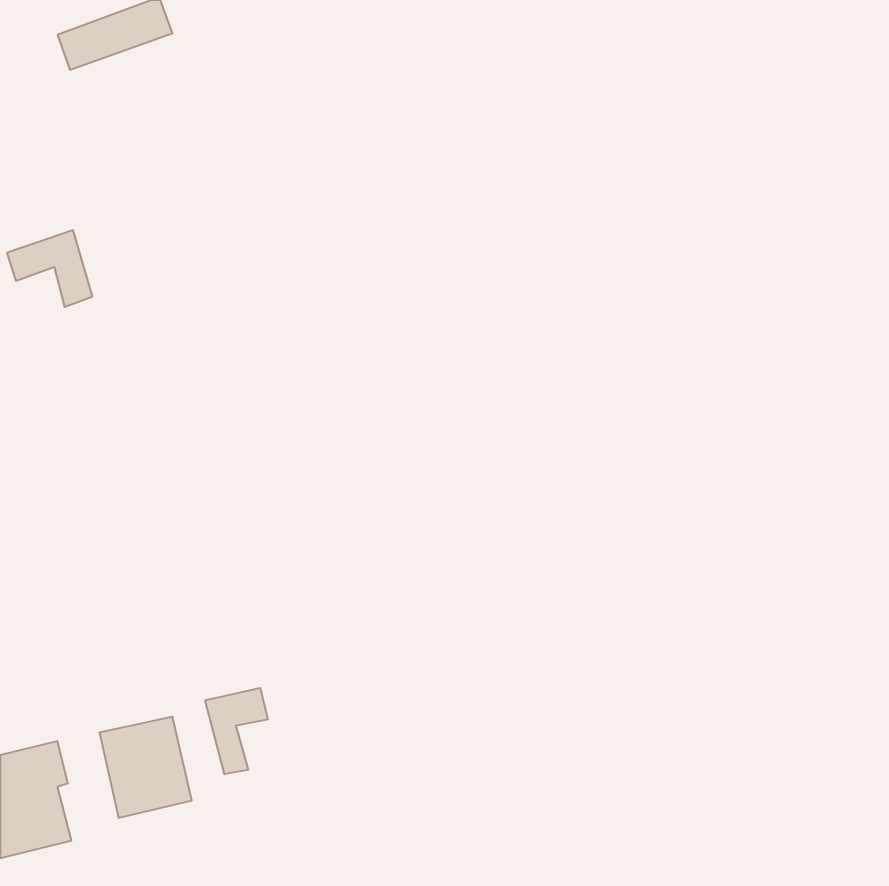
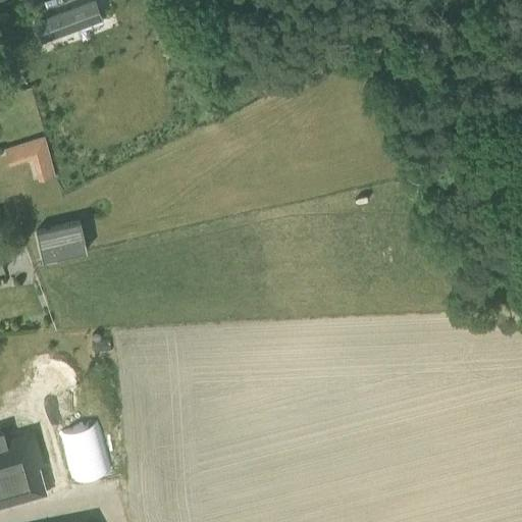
building: none -> [31,221,80,261]
building: [205,688,268,774] -> none

